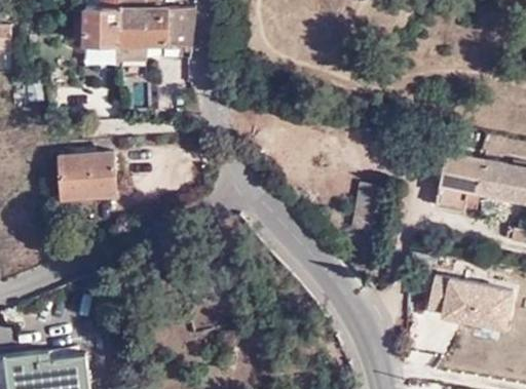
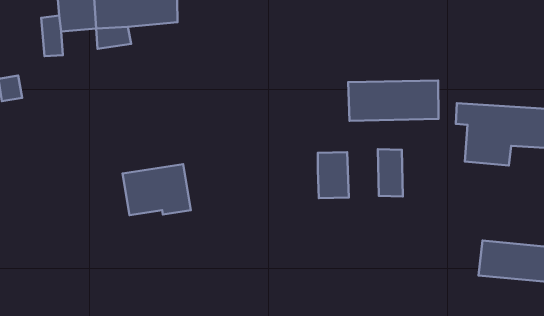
building: none -> [348,80,438,121]
building: [59,154,116,197] -> [122,164,191,215]
building: none -> [318,152,349,198]

